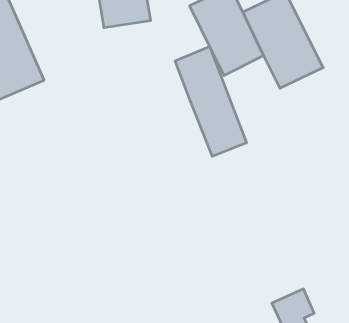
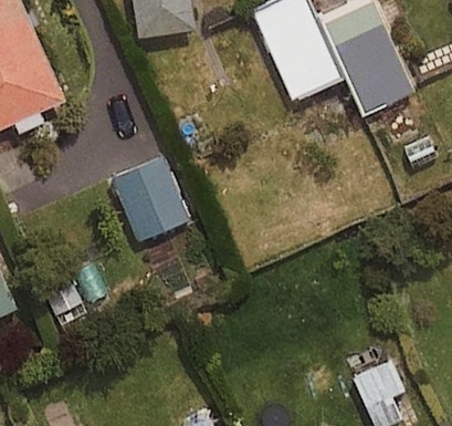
building: [175,47,246,156] -> none
building: none -> [108,158,186,245]

